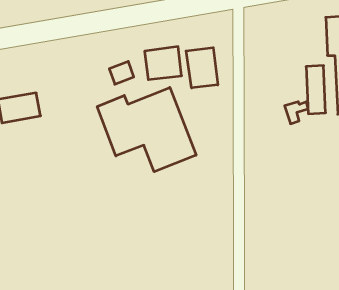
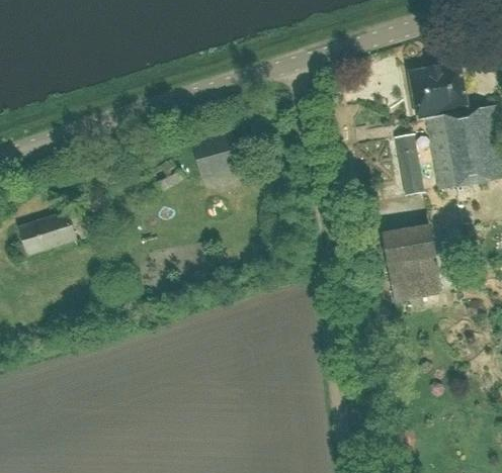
building: [186,48,218,88] -> none
building: [97,87,196,172] -> none
building: none -> [382,223,442,301]

